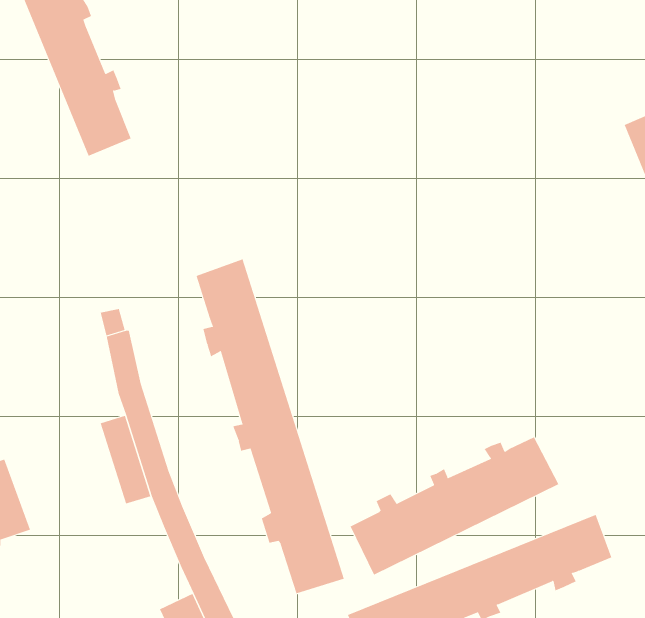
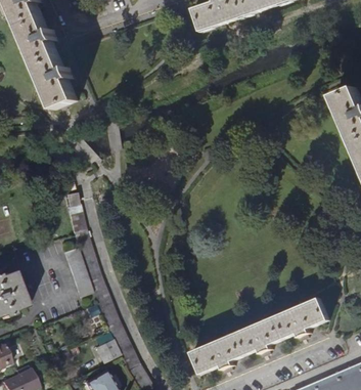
building: [196,259,345,594] -> none
building: [350,437,559,576] -> none

